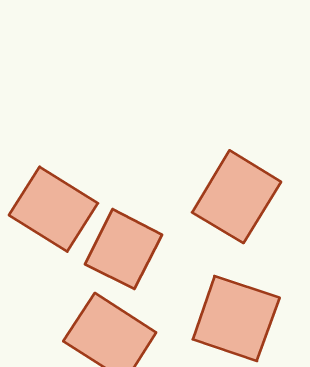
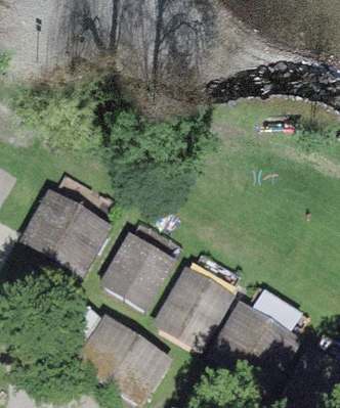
building: [192,150,281,243] -> [144,259,237,355]

